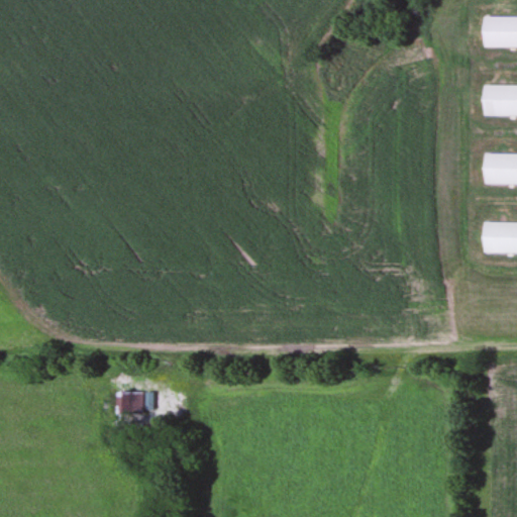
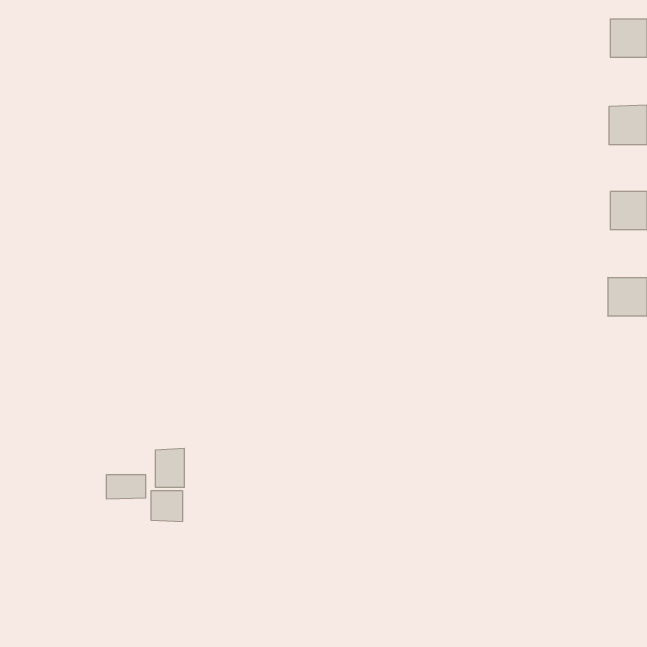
building: none -> [156,448,184,487]
building: none -> [107,475,146,499]

